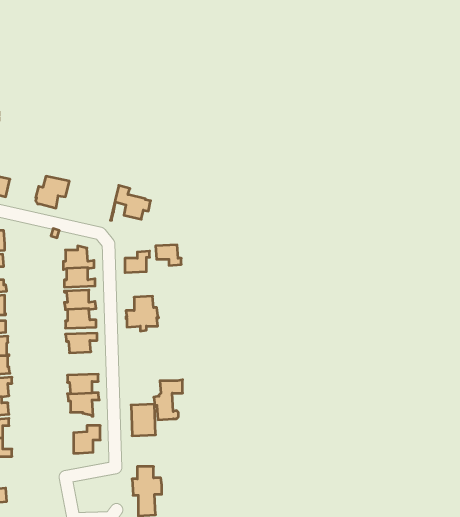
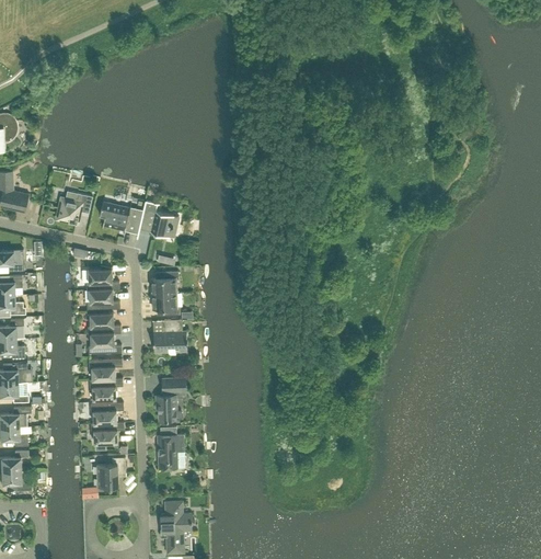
building: none -> [99,196,141,235]
building: [156,245,181,265] -> [152,293,180,315]
building: none -> [90,378,123,399]
building: [154,380,183,420] -> [156,377,186,420]

